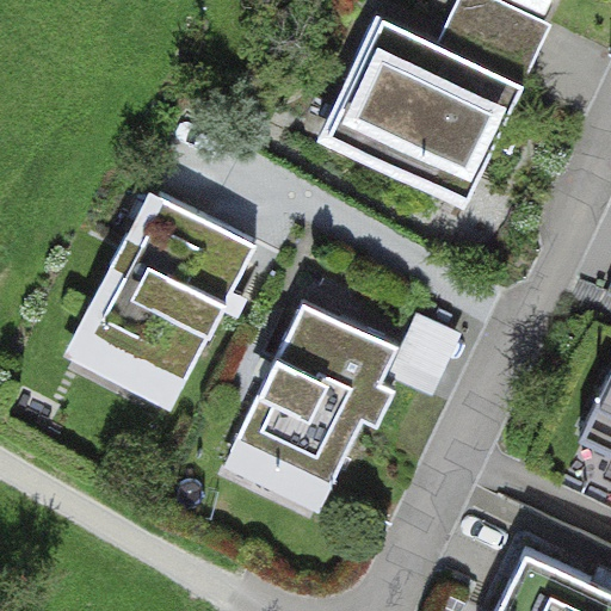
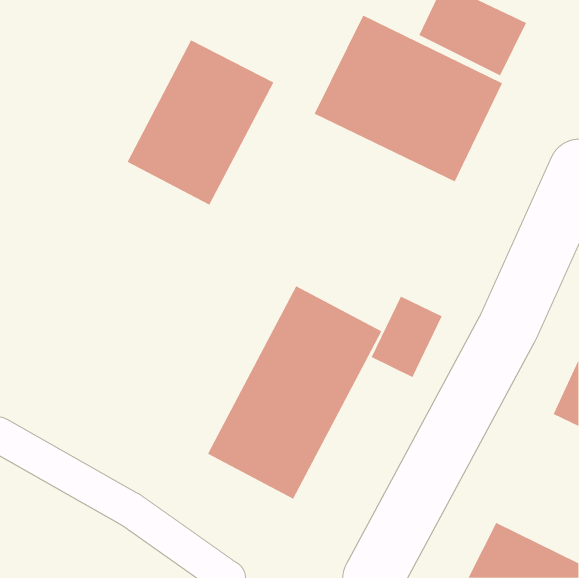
building: none -> [127,39,274,206]
building: [66,193,254,415] -> none

